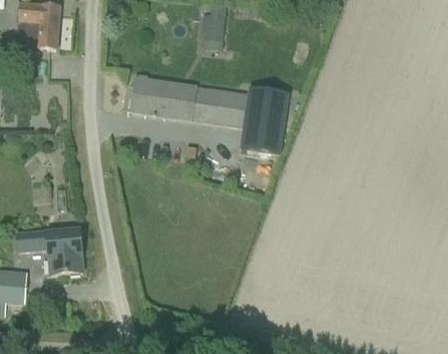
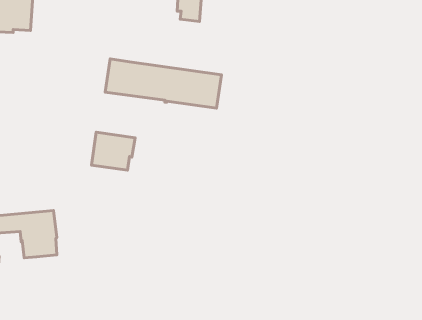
building: [240,87,288,152] -> none
building: none -> [92,132,135,170]

